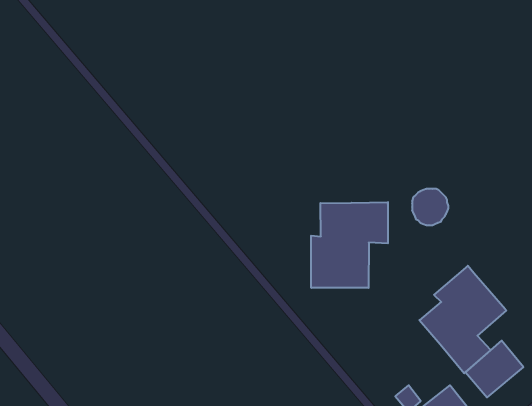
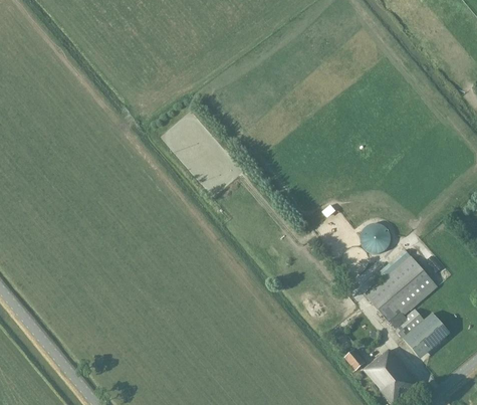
building: [412,189,448,225] -> [361,223,391,253]
building: [311,202,388,288] -> none

